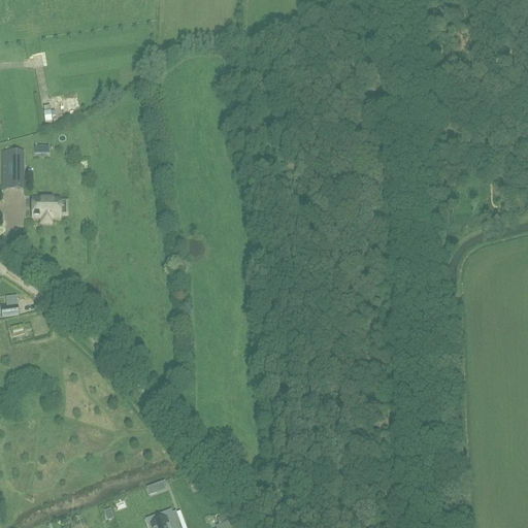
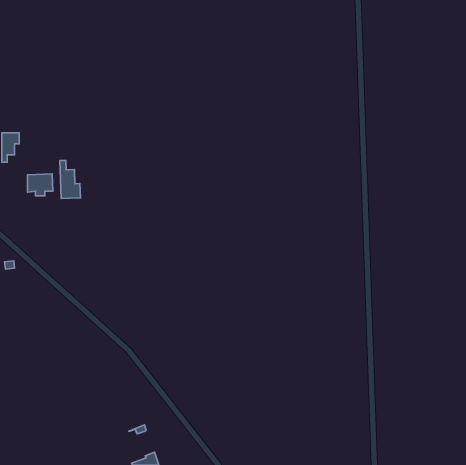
building: none -> [60,160,80,199]

